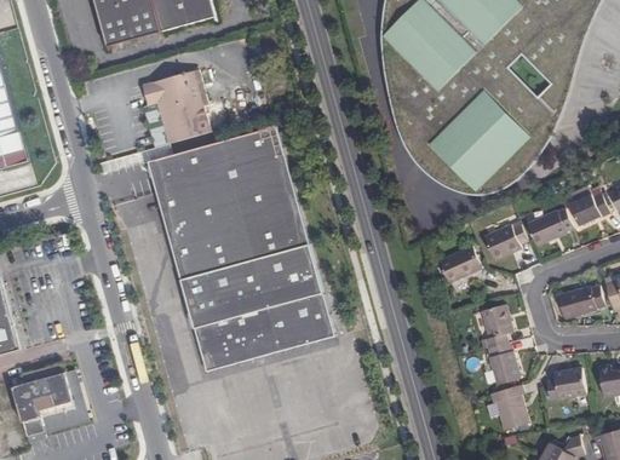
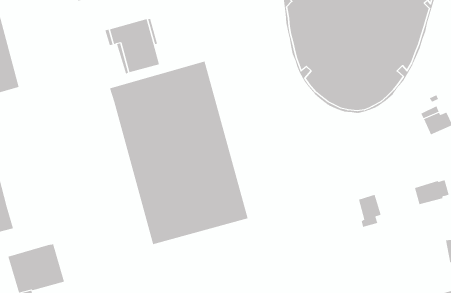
building: [526,207,573,245] -> none
building: [483,219,527,259] -> none
building: [438,245,480,281] -> none
building: [487,341,519,384] -> none
building: [546,367,585,399] -> none
building: [494,383,527,429] -> none

